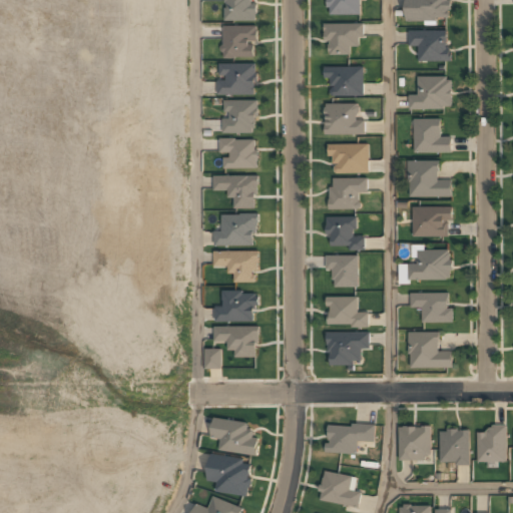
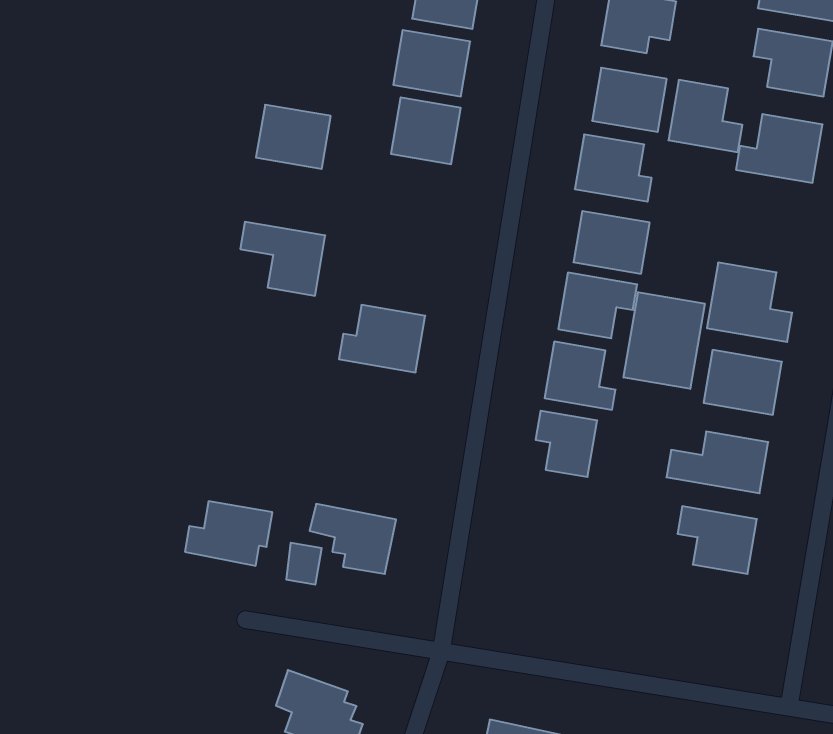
building: [413,118,451,151] -> [668,80,742,152]
building: [219,138,255,167] -> [256,105,331,169]
building: [212,175,256,208] -> [240,222,325,296]
building: none -> [624,292,705,389]
building: [213,250,256,282] -> none
building: [214,291,258,321] -> [185,501,272,566]
building: [327,296,368,325] -> none
building: [327,332,368,365] -> none
building: [407,332,451,367] -> none

